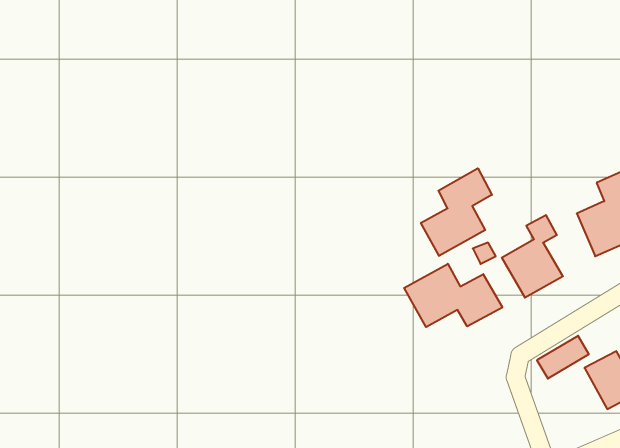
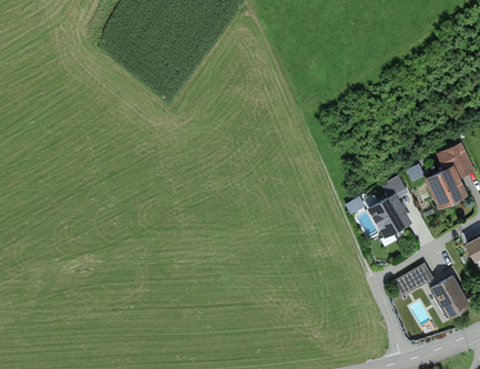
building: [421,168,492,256] -> none
building: [404,264,502,327] -> none

